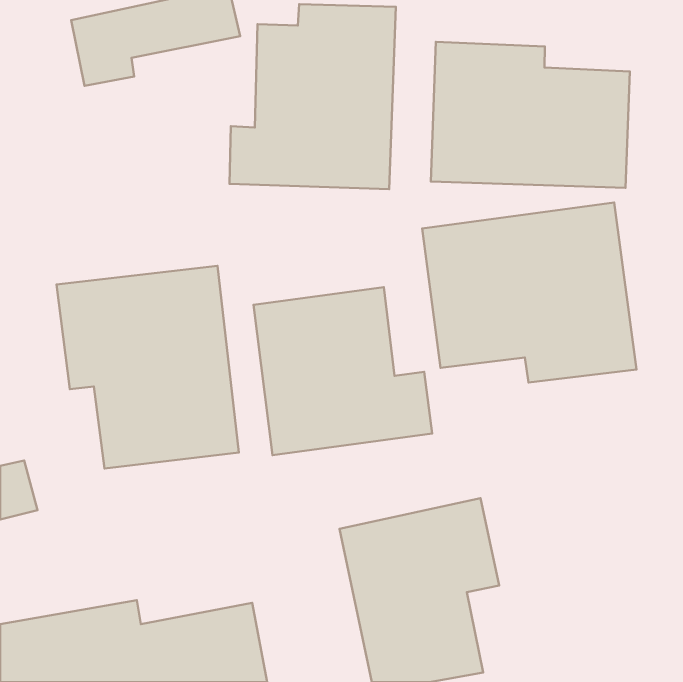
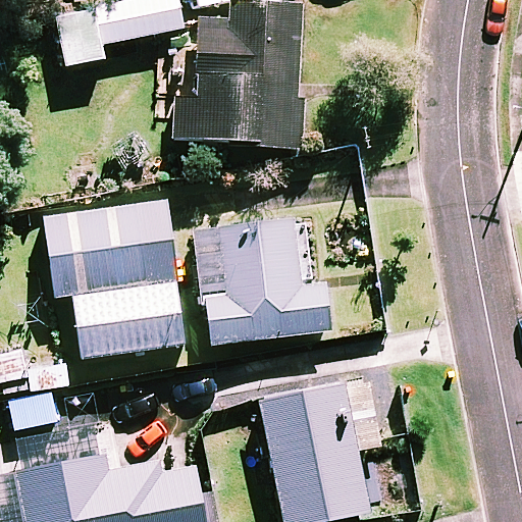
building: [431,42,630,188] -> none
building: [422,202,636,383] -> none

